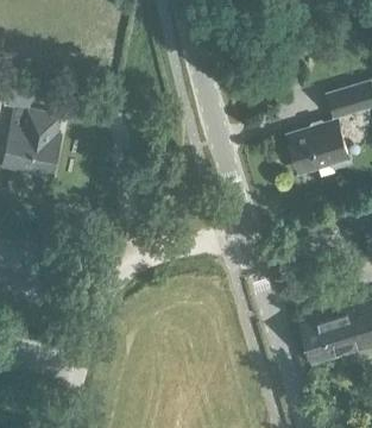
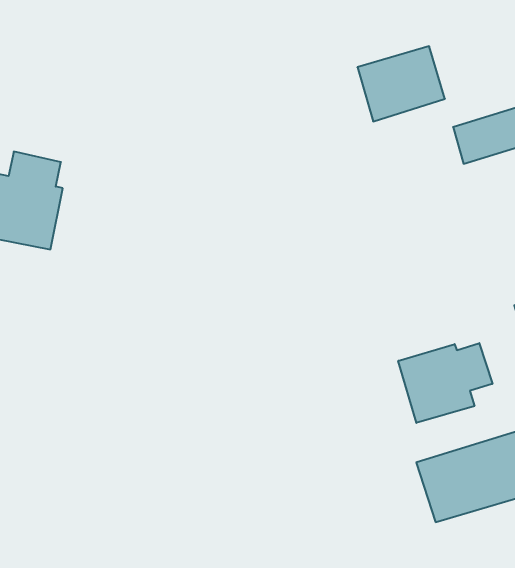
building: [288,121,347,172] -> [357,46,445,121]
building: none -> [398,343,492,423]

